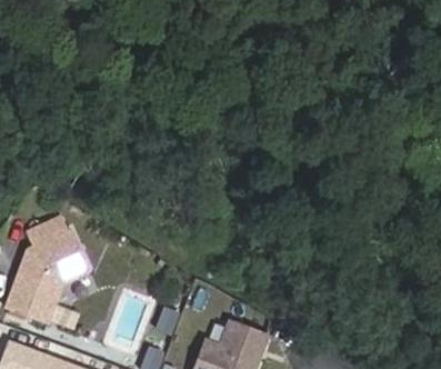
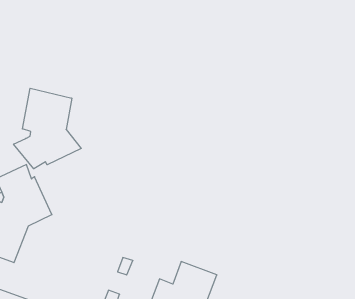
building: none -> [14,88,81,169]

